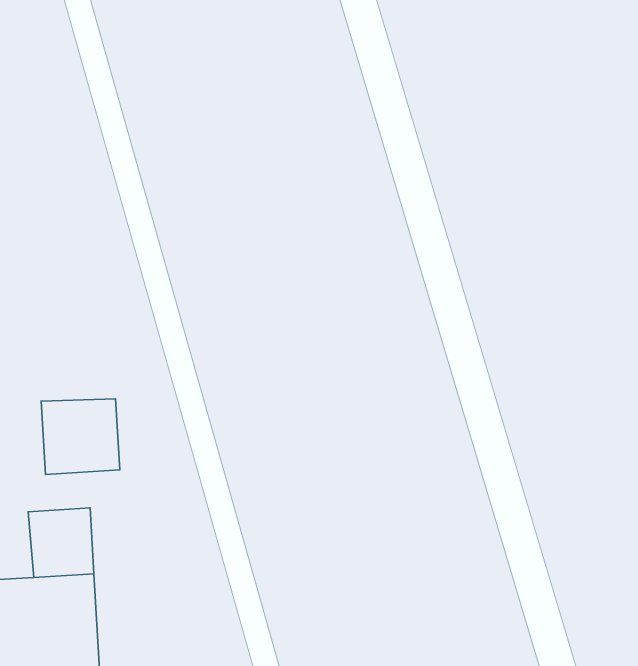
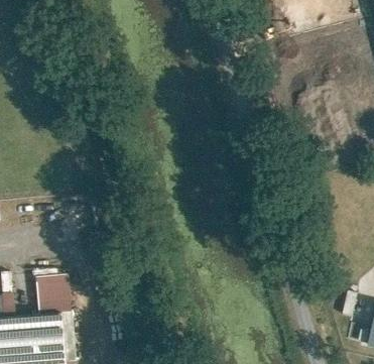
building: [41,399,120,475] -> none

